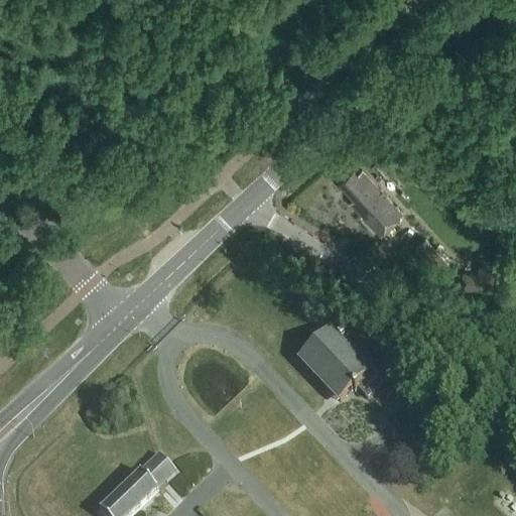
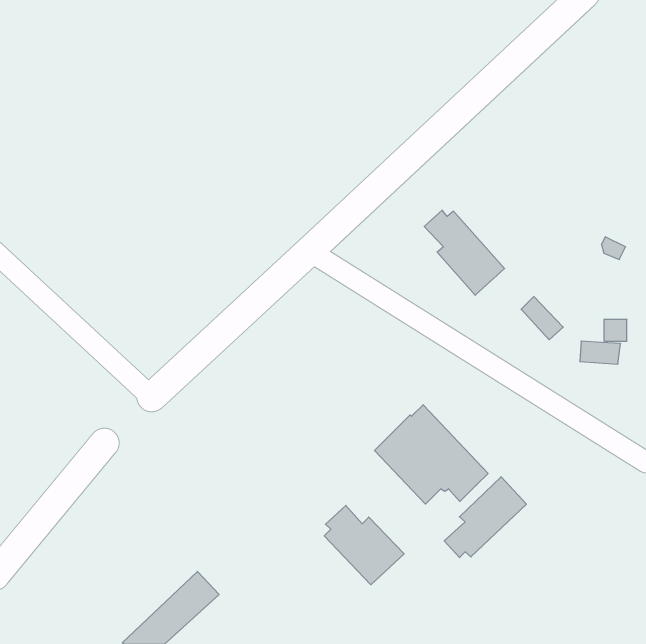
building: none -> [444,477,526,558]
building: none -> [324,505,404,585]

